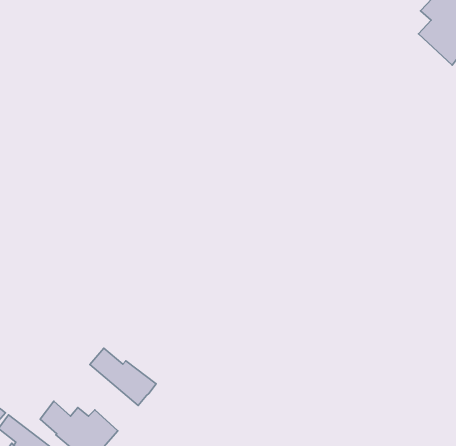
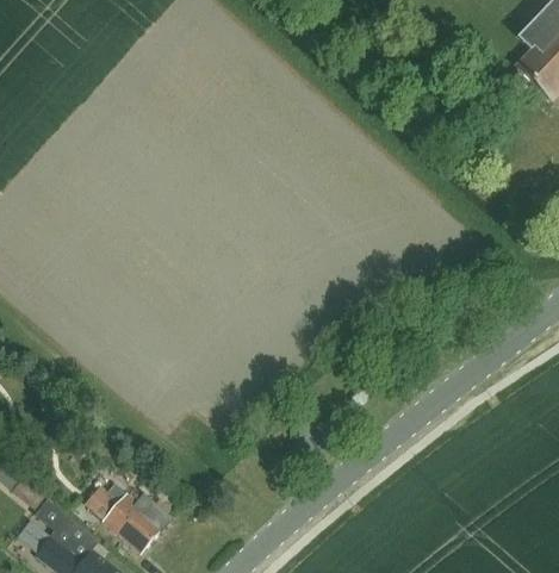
building: [90,348,156,405] -> none

